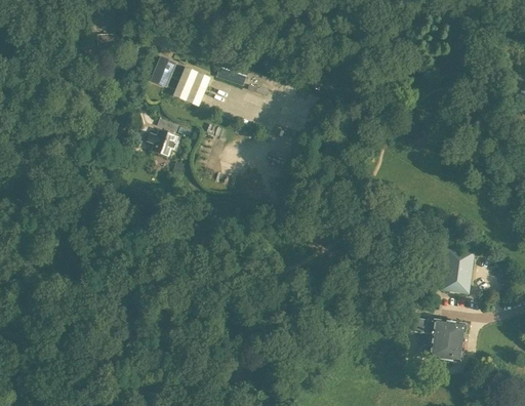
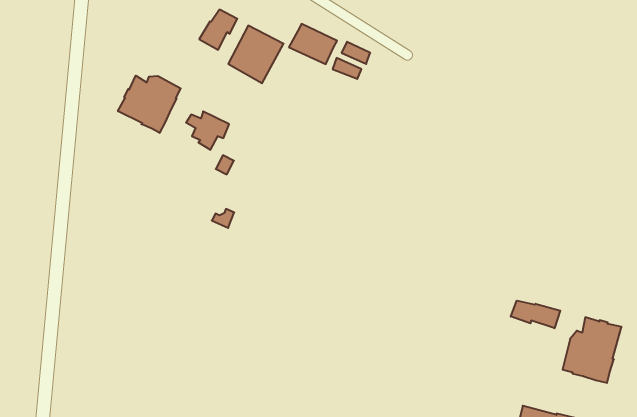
building: none -> [118,76,181,133]
building: none -> [511,301,560,328]

